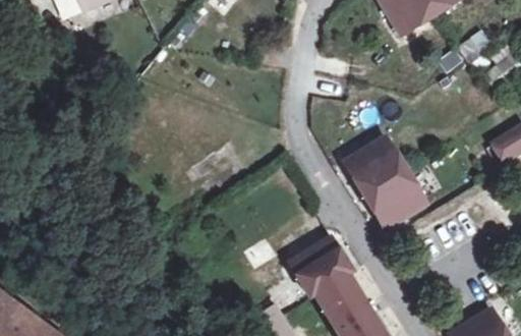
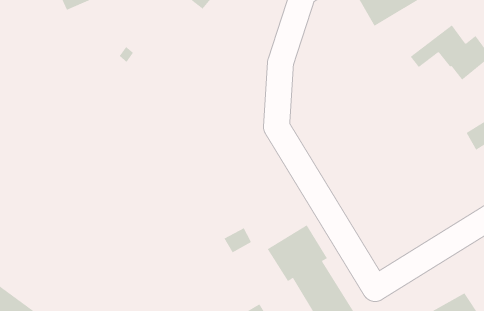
building: [345,135,427,227] -> none

